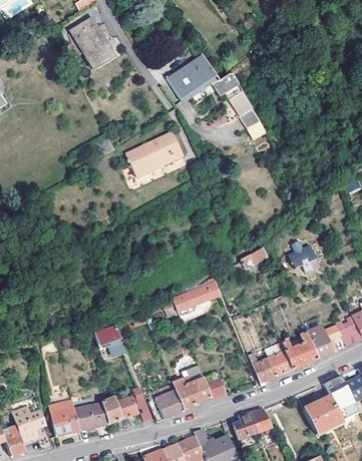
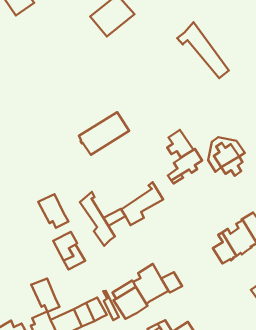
building: [212,71,264,138] -> [177,22,229,78]
building: [126,130,184,173] -> [79,112,129,155]
building: none -> [167,130,193,158]
building: none -> [38,194,68,228]
building: none -> [80,192,115,246]
building: [247,351,276,385] -> none
building: none -> [31,278,60,312]
building: [234,409,272,440] -> none

